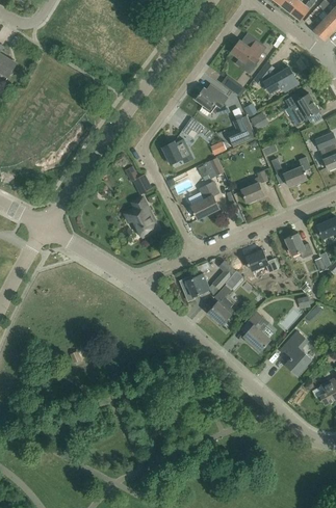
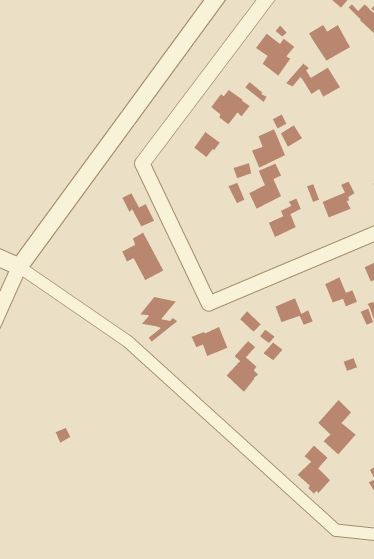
building: [284,92,318,123] -> [308,24,351,62]
building: [161,139,192,164] -> none
building: [191,182,218,219] -> [248,163,282,210]
building: none -> [139,296,179,343]
building: [242,312,269,351] -> [297,445,331,495]

